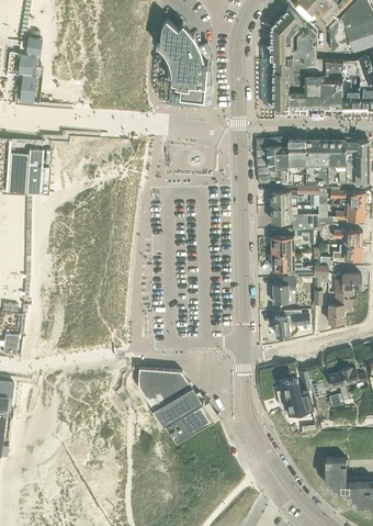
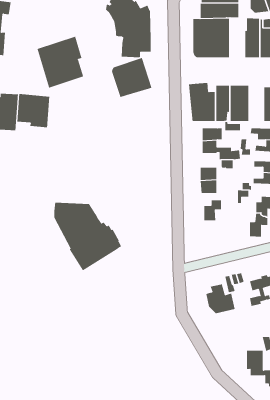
building: [306,57,326,107] -> none
building: none -> [37,36,84,89]
building: none -> [112,57,152,98]
building: [329,139,347,183] -> none
building: none -> [17,93,50,128]
building: [275,311,312,336] -> none
building: [138,368,221,451] -> [54,202,122,271]

